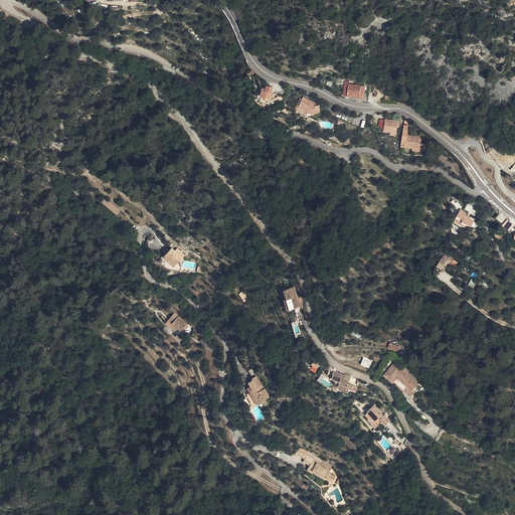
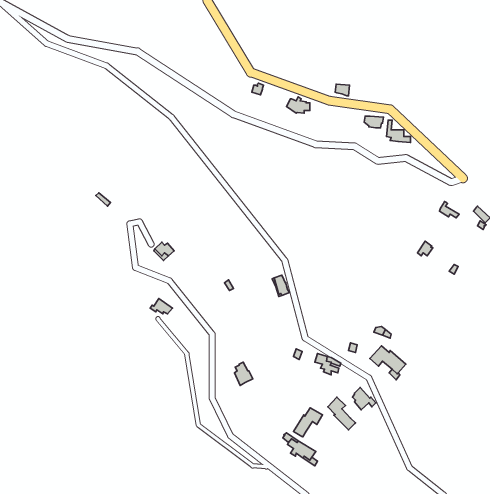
building: none -> [328,397,356,430]
building: none -> [294,408,322,437]

